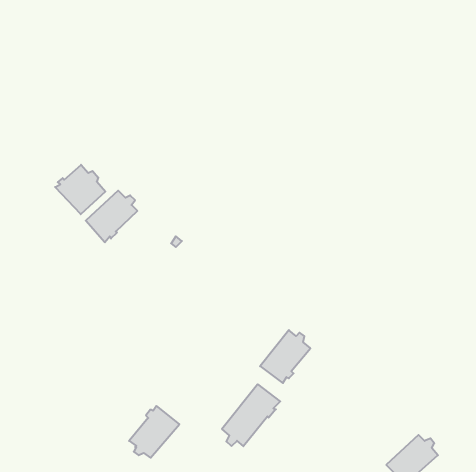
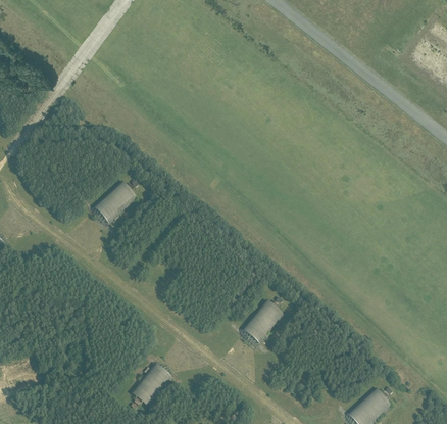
building: [55,165,105,214] -> none
building: [222,384,280,446] -> none

